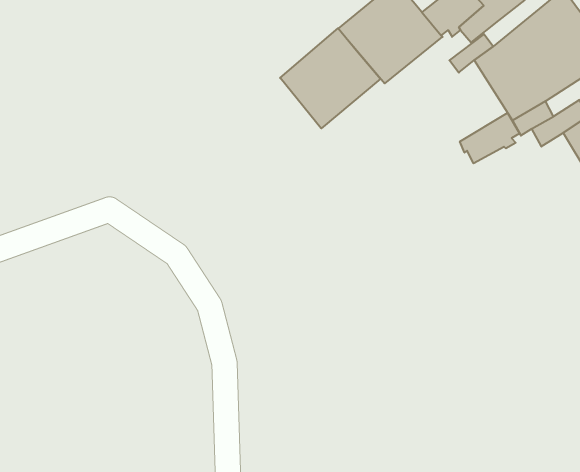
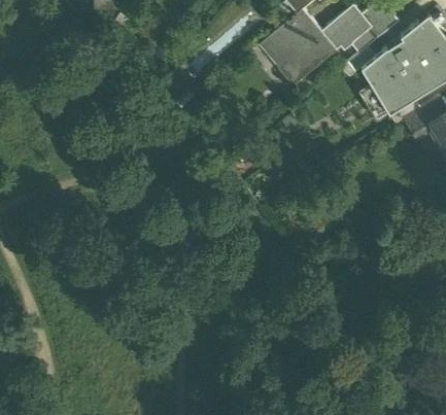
building: [280,28,381,128] -> none
building: [460,113,519,163] -> none

